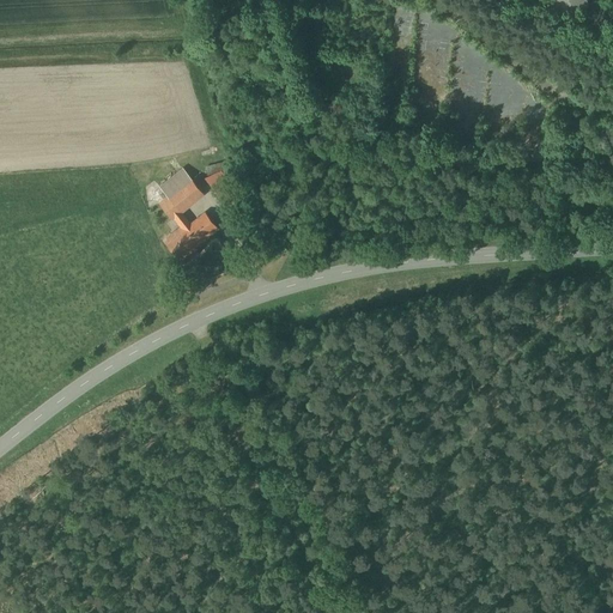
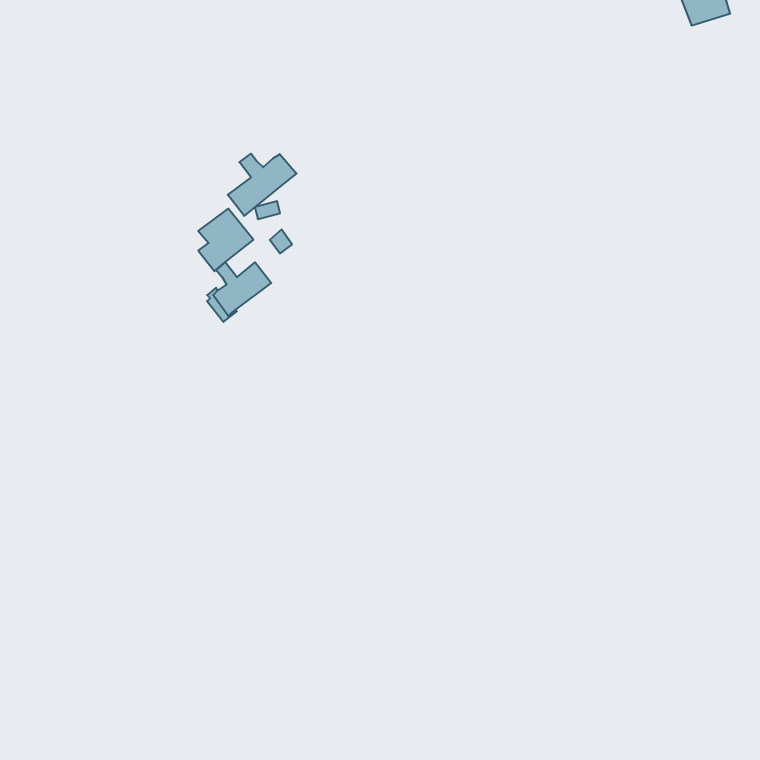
building: none -> [228,154,297,216]

